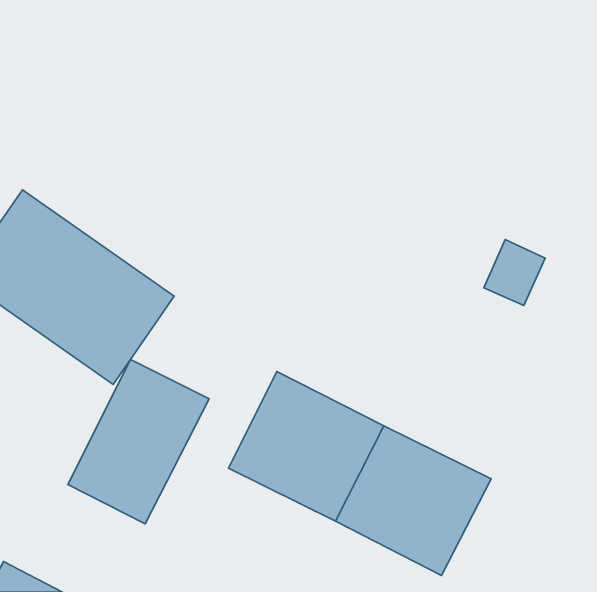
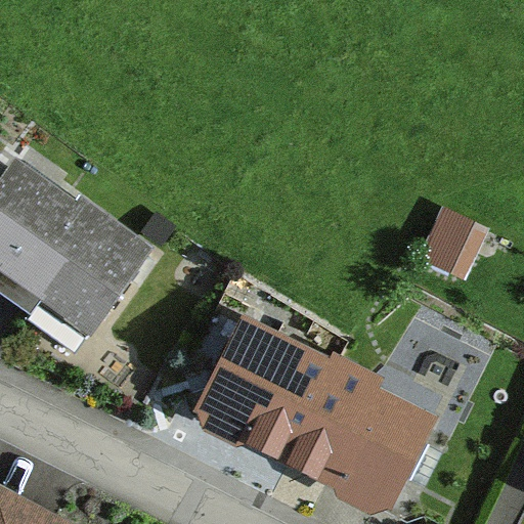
building: [68,359,209,524] -> none

